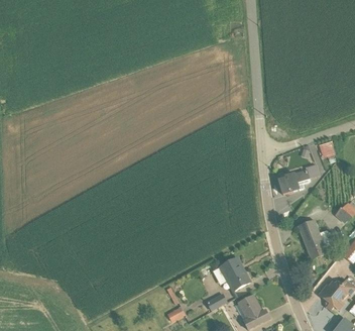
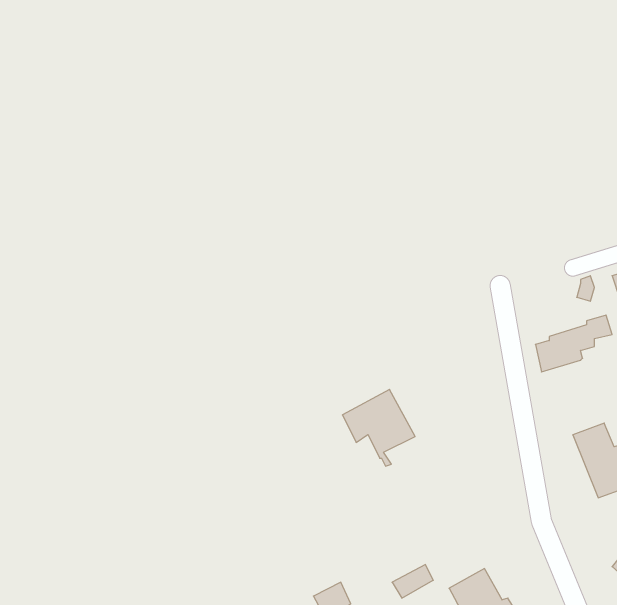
building: [212,256,249,296] -> [342,389,415,466]

